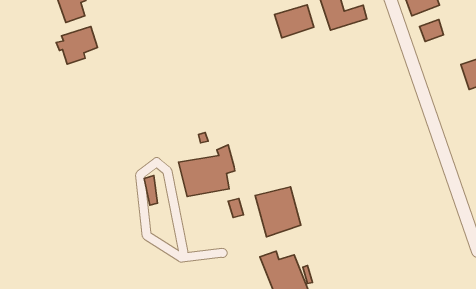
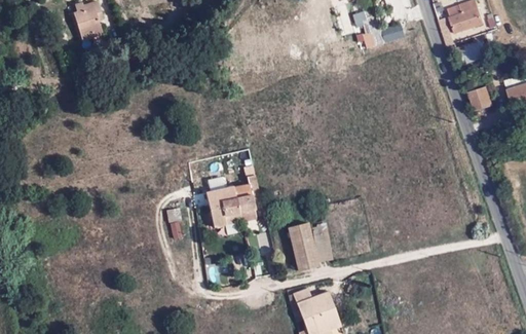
building: [275,5,314,38] -> none
building: [56,26,97,64] -> none
building: none -> [467,86,494,113]

